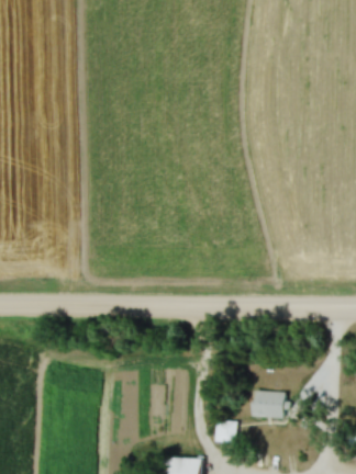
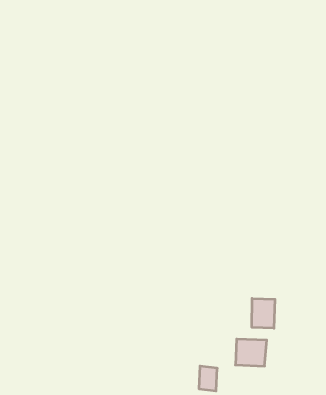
building: none -> [252,298,275,328]

